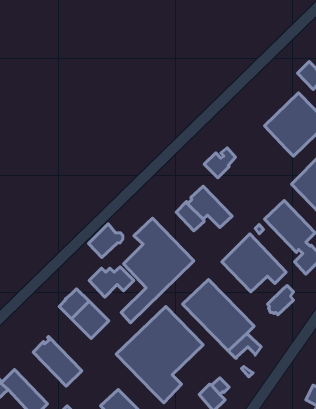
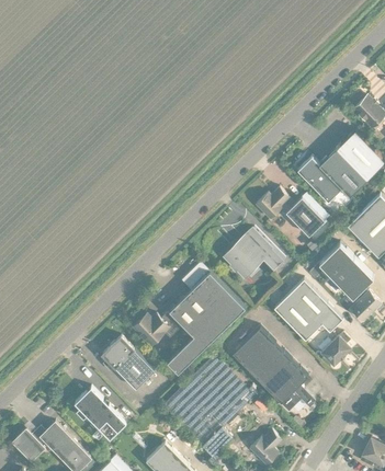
building: none -> [297,158,342,204]
building: none -> [286,198,325,237]
building: [88,224,123,258] -> none

